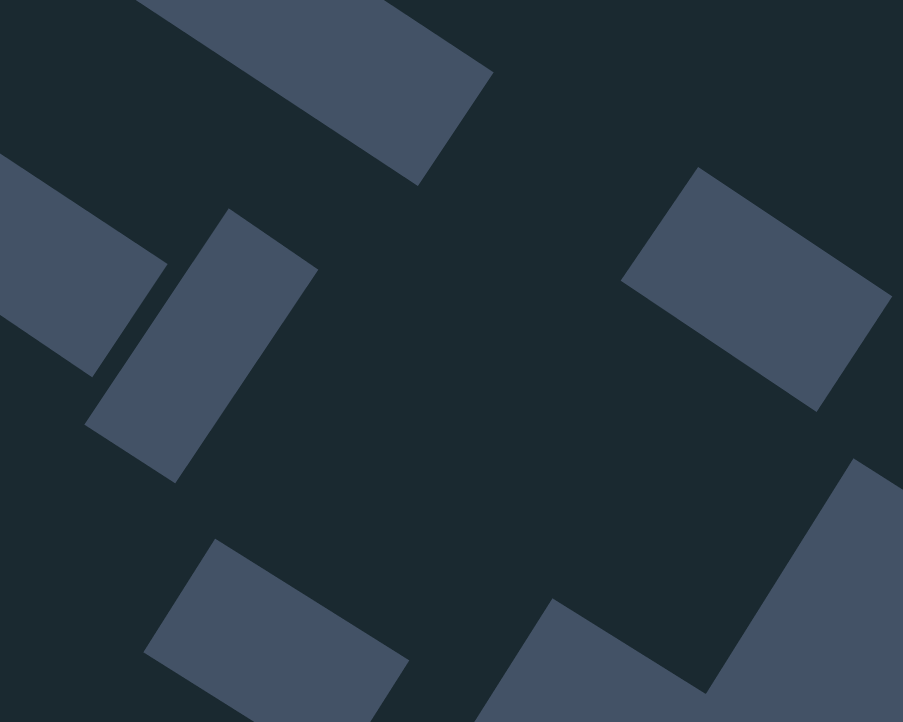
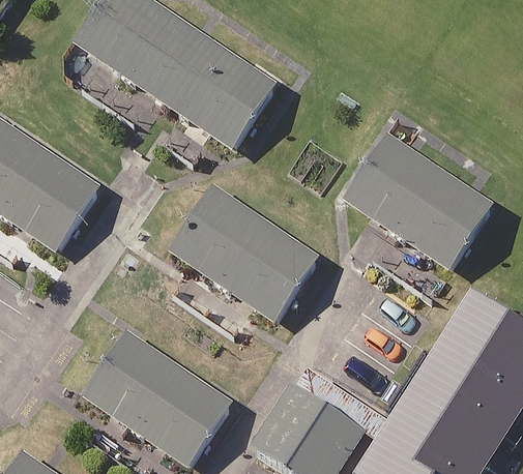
building: [83,207,319,485] -> none
building: none -> [171,187,317,320]

